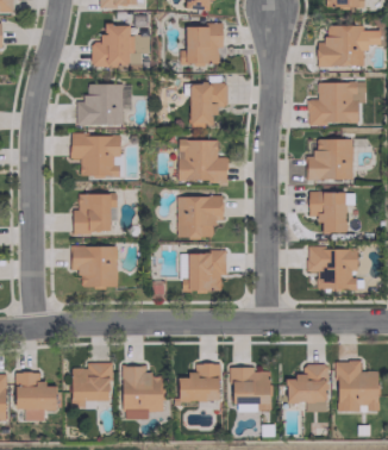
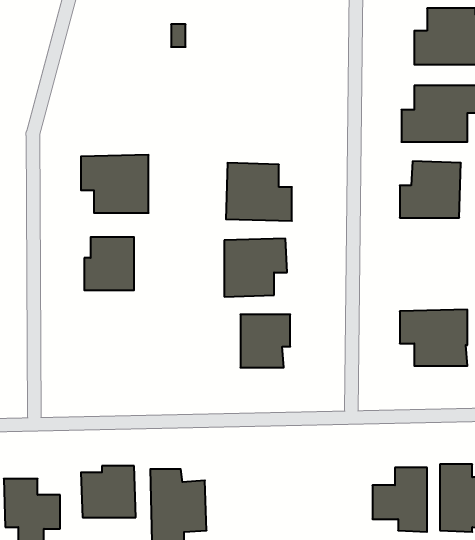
building: [92,25,130,67] -> none
building: [180,25,223,64] -> none
building: [76,83,132,126] -> none
building: [189,83,227,126] -> none
building: [308,192,346,233] -> none
building: [71,245,118,287] -> none
building: [179,363,220,401] -> none
building: [232,368,270,411] -> none

